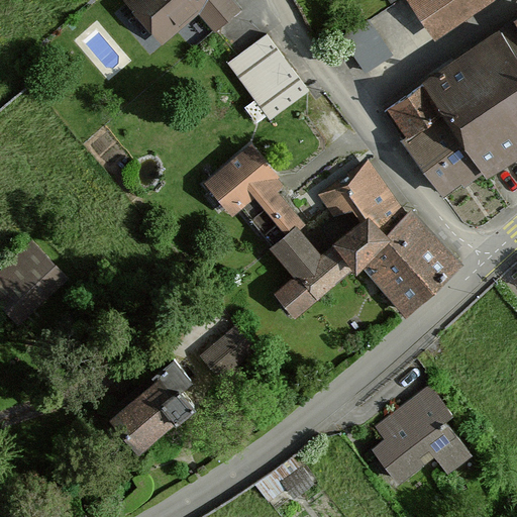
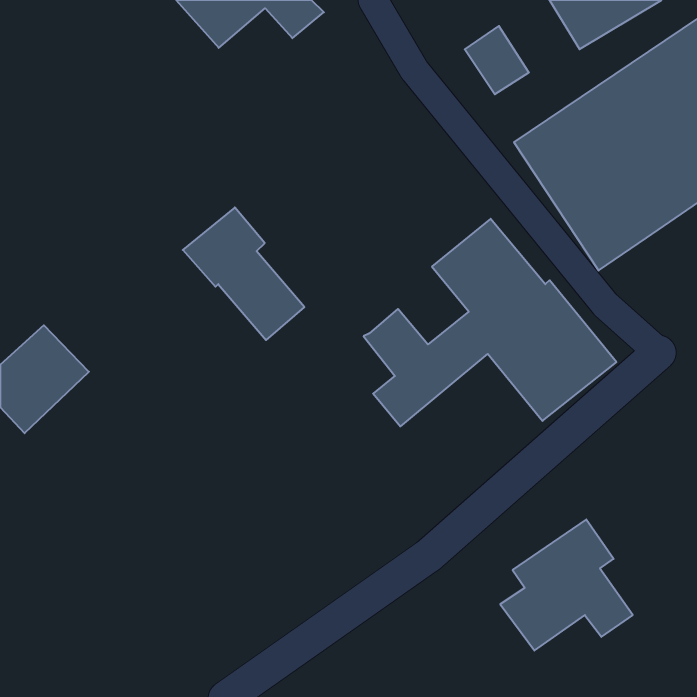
building: [229,34,310,119] -> none
building: [212,149,302,247] -> [183,207,304,340]
building: [201,323,255,377] -> none
building: [112,353,192,450] -> none

